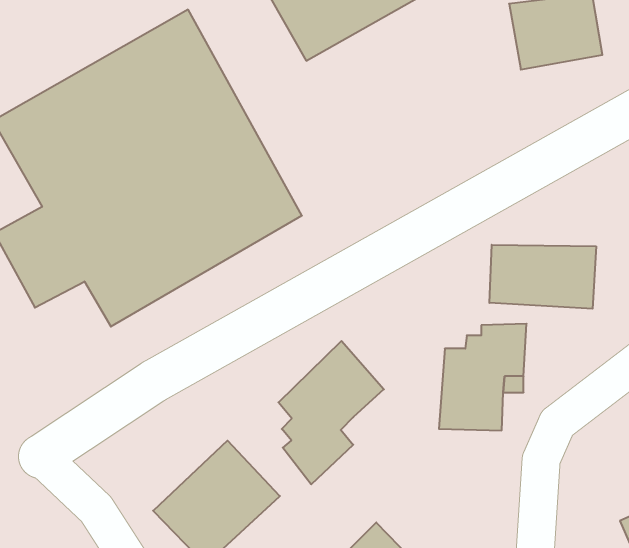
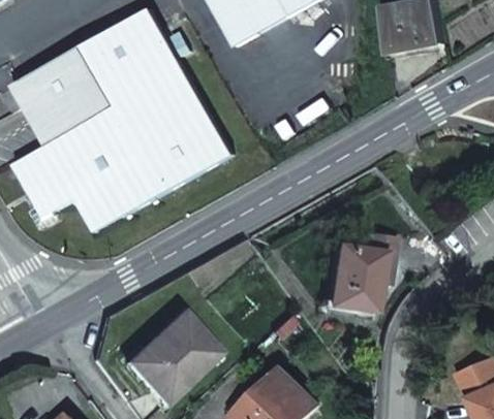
building: [489,245,596,309] -> none
building: [278,341,384,484] -> none

